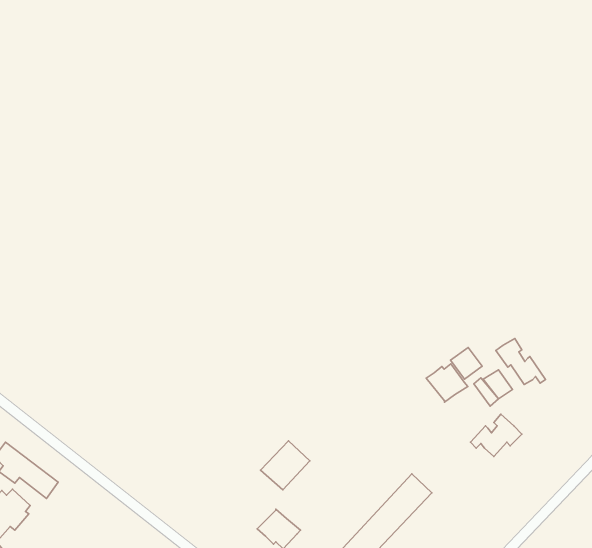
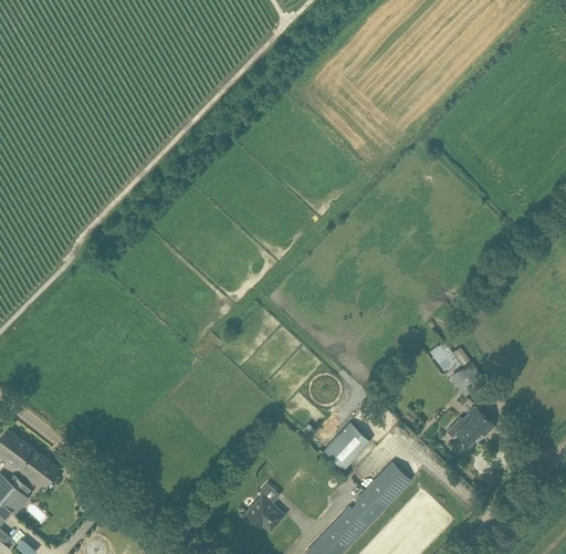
building: [496,338,545,385] -> none
building: [426,364,468,402] -> none
building: [261,441,310,490] -> [324,422,370,469]

